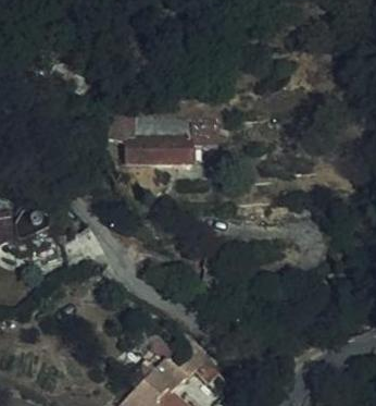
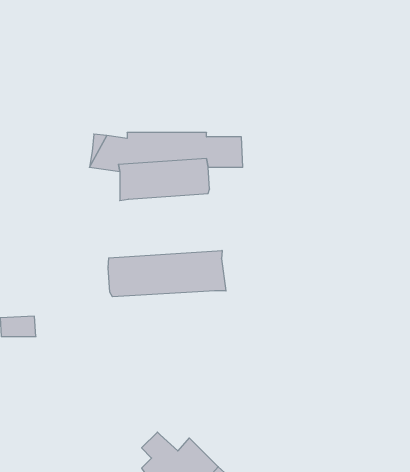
building: none -> [108,250,226,297]

